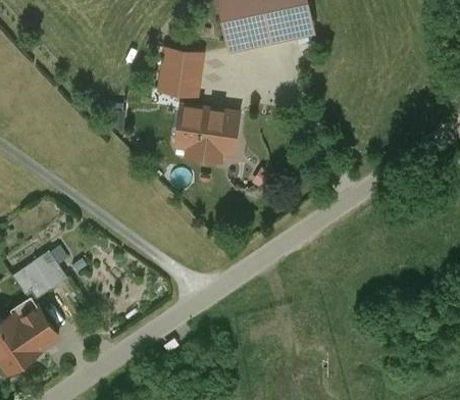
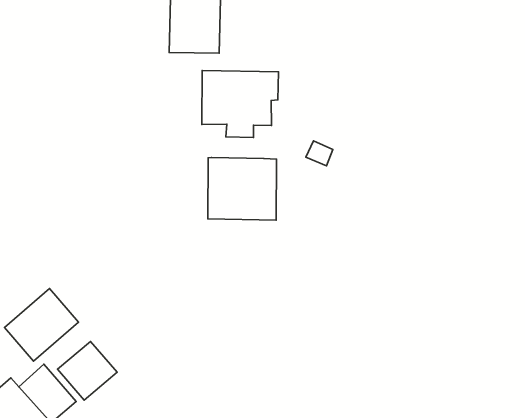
building: none -> [208,157,277,220]
building: none -> [58,341,117,400]

